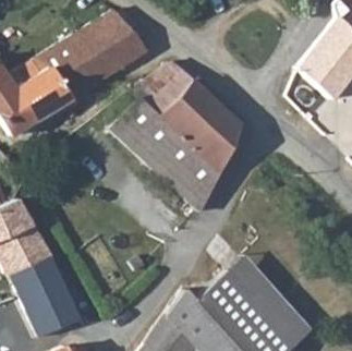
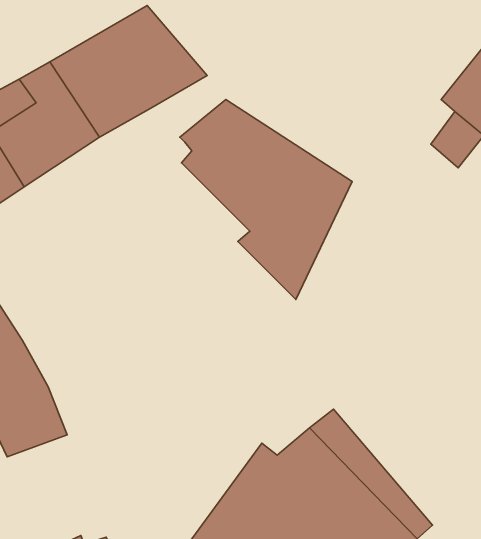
building: [116,97,207,206] -> none
building: [231,255,313,341] -> none
building: [23,283,77,337] -> none

